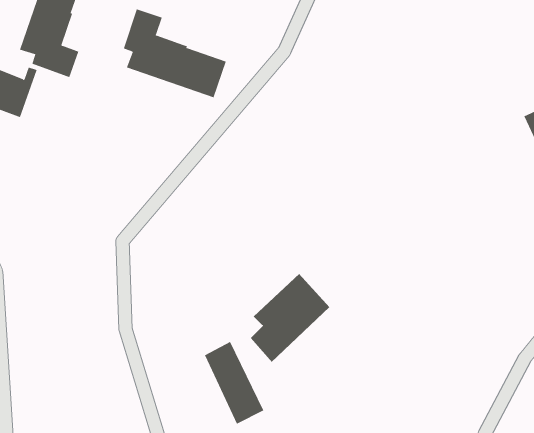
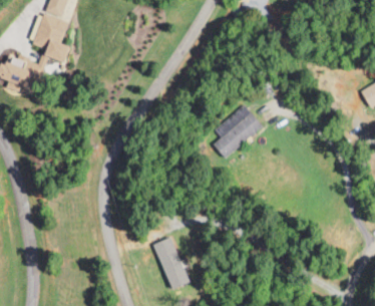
building: [123,8,226,98] -> none
building: [250,273,330,363] -> [210,103,262,162]

